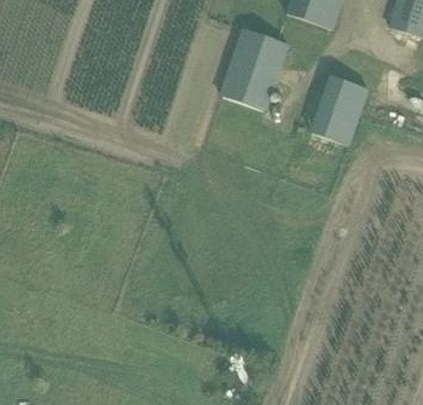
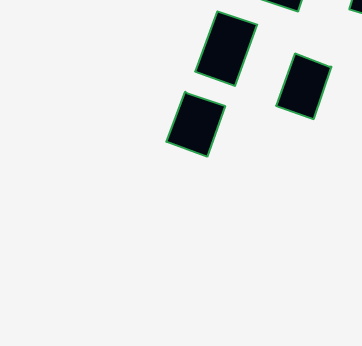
building: none -> [166,92,225,157]

